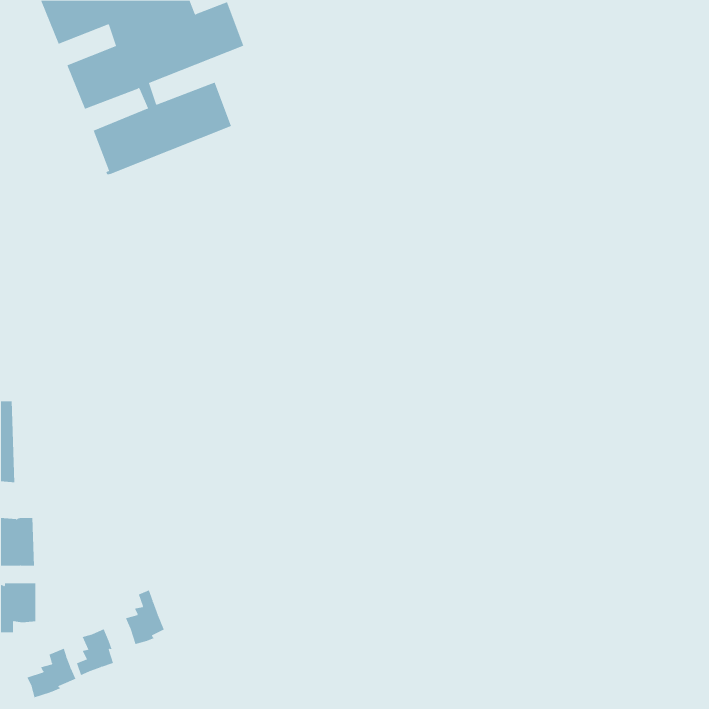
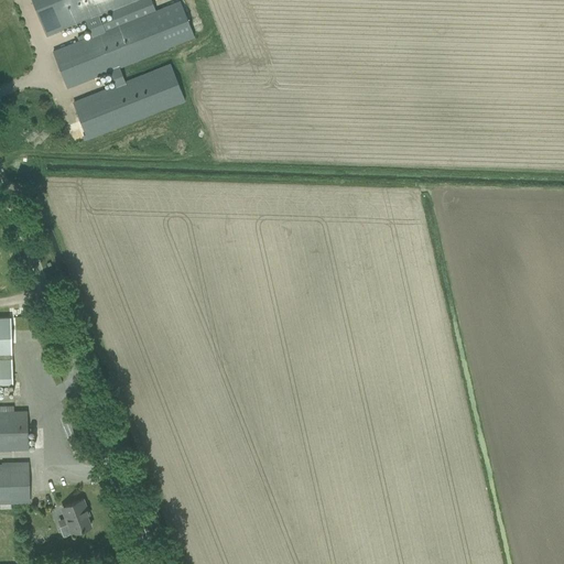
building: [125,589,164,645] -> none
building: [26,648,76,698] -> none

